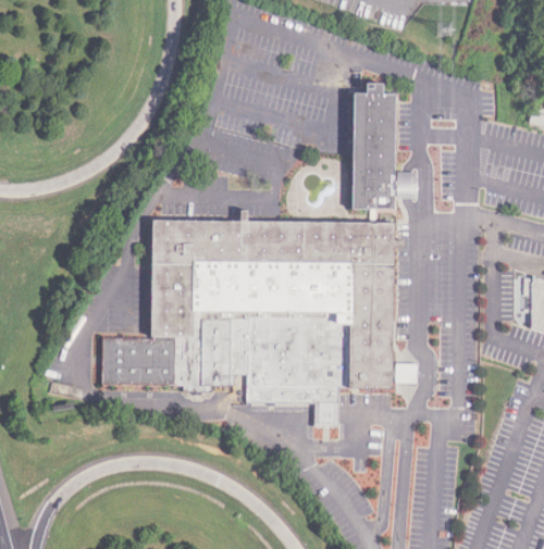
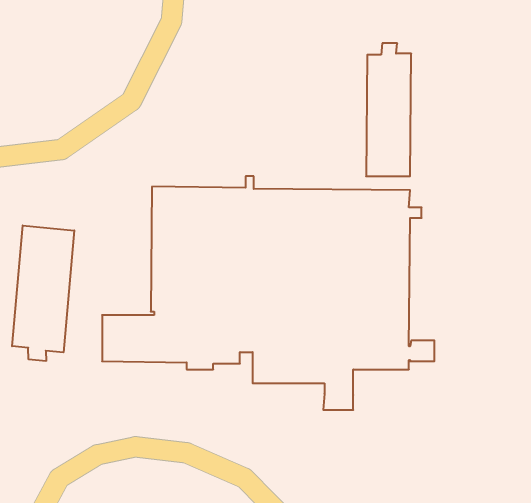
building: none -> [12,225,74,361]

